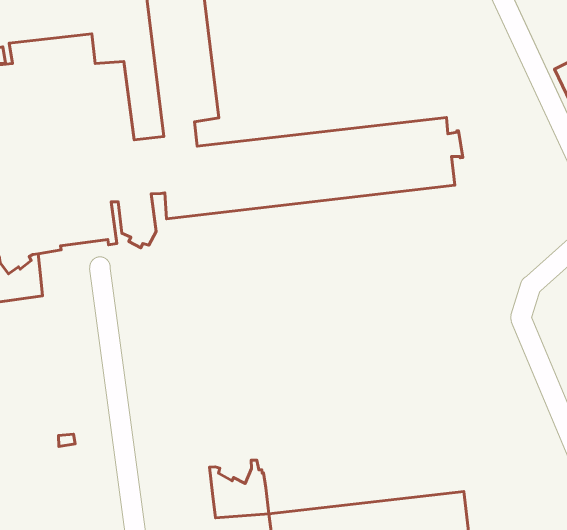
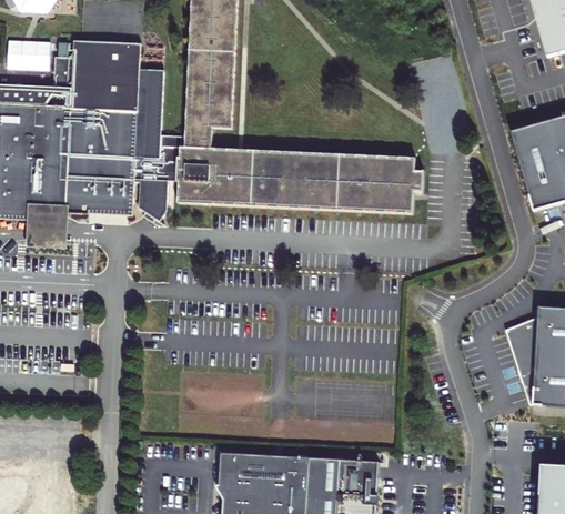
building: [210,460,269,518] -> none

